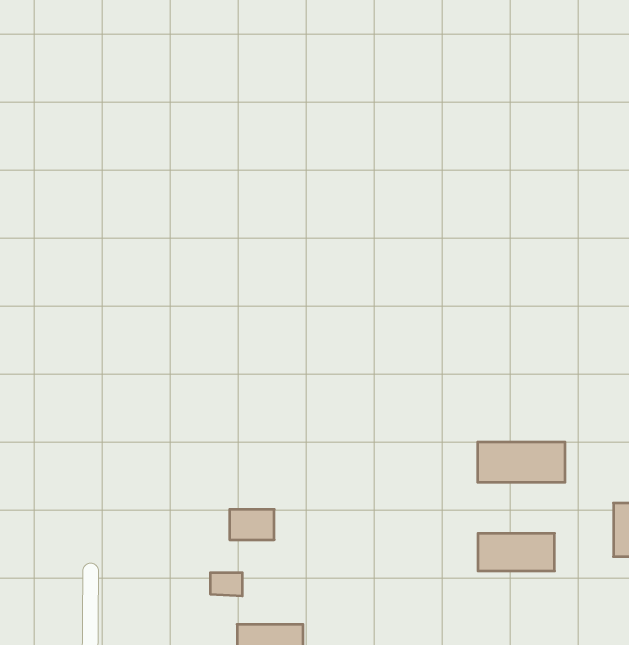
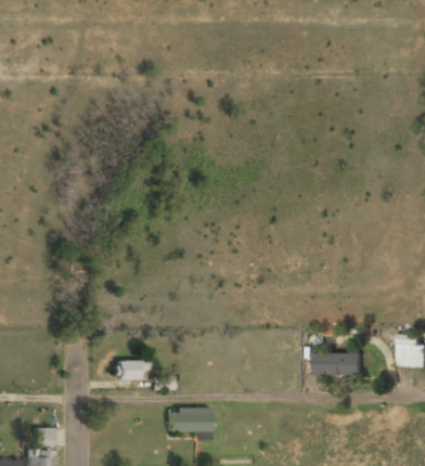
building: [478,442,565,482] -> none
building: [230,509,274,540] -> [117,362,144,380]

